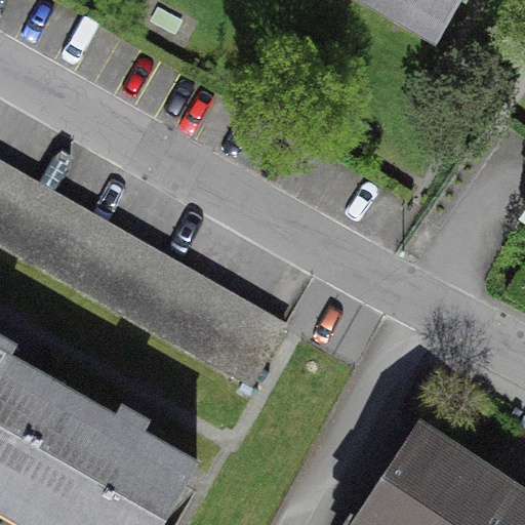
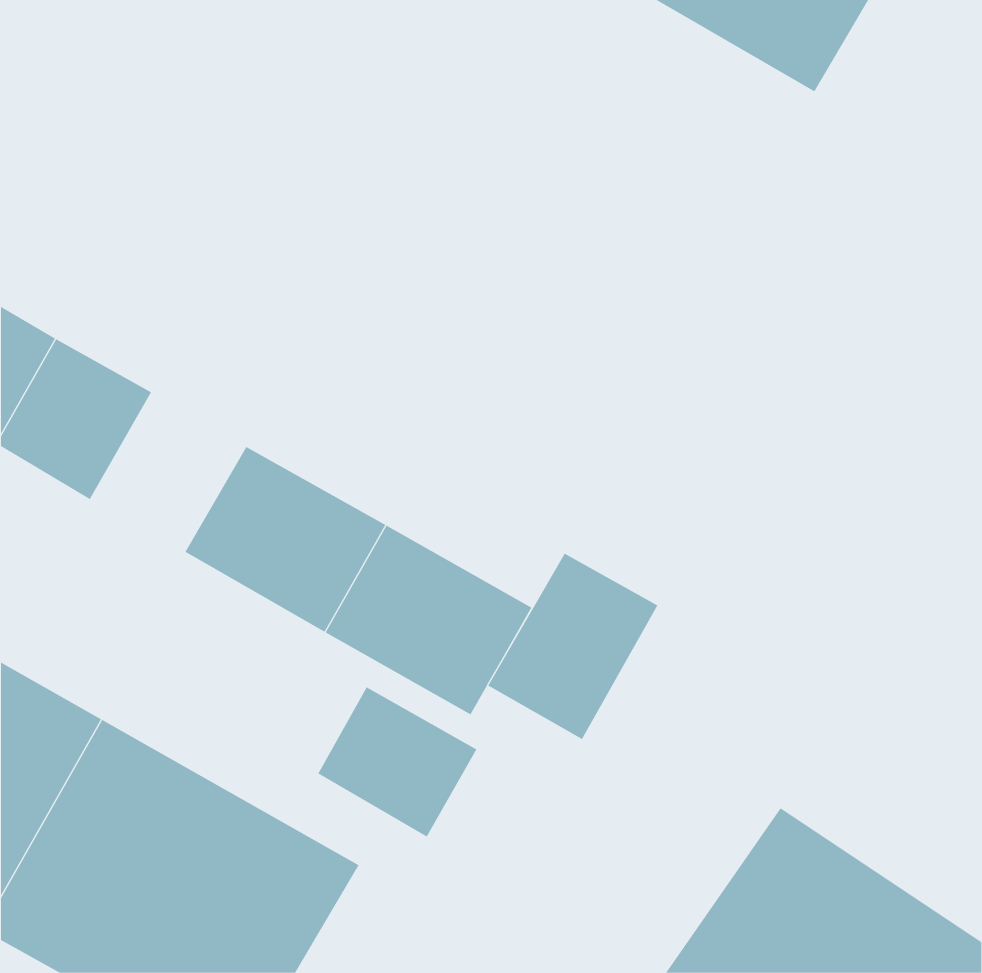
building: [48,209,131,294] -> none
building: none -> [488,553,658,740]
building: none -> [317,686,477,837]

